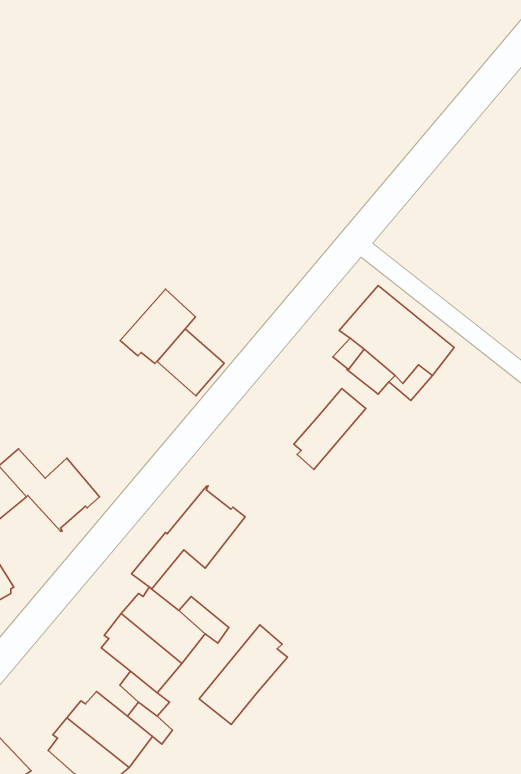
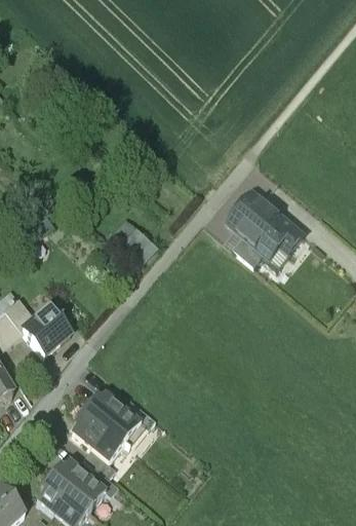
building: [120,289,196,364] -> none
building: [294,389,366,469] -> none
building: [132,486,245,589] -> none
building: [199,625,287,724] -> none

